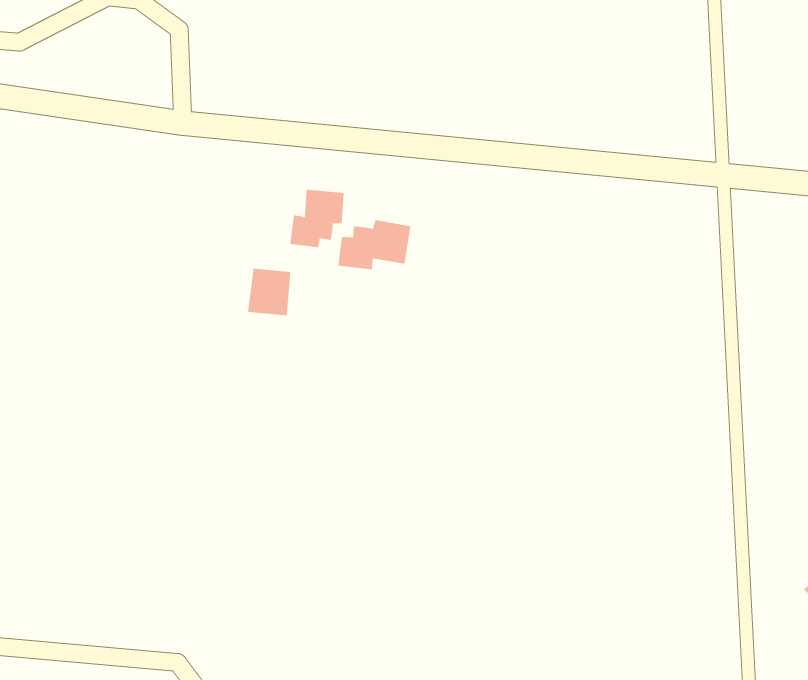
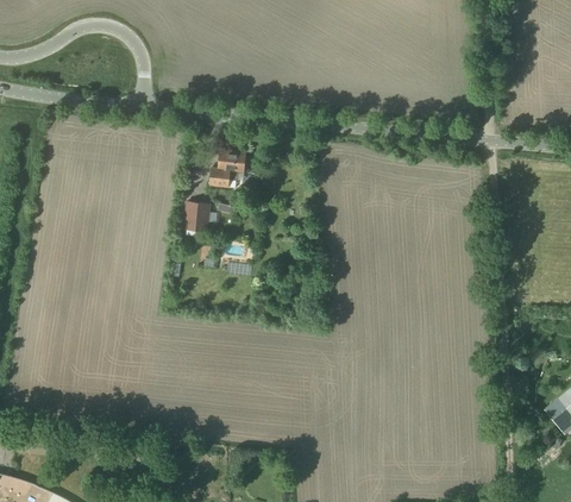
building: [338,219,411,270] -> none

